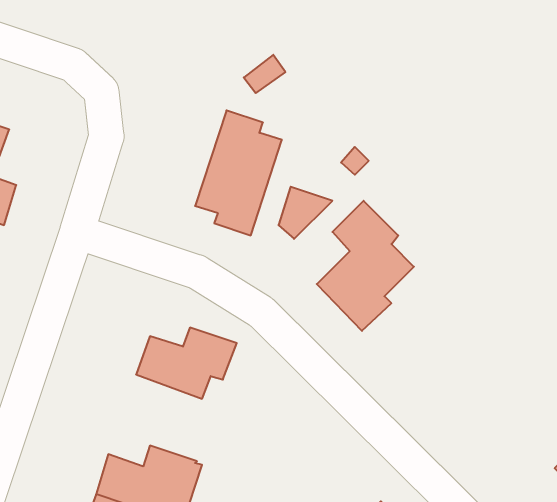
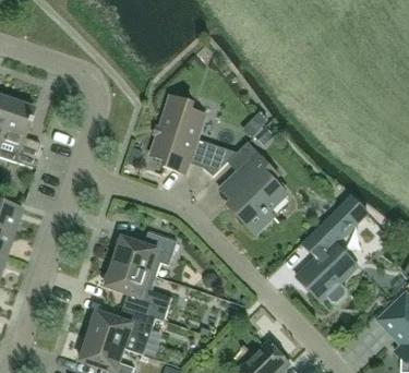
building: none -> [296,195,368,301]
building: none -> [105,261,171,321]

